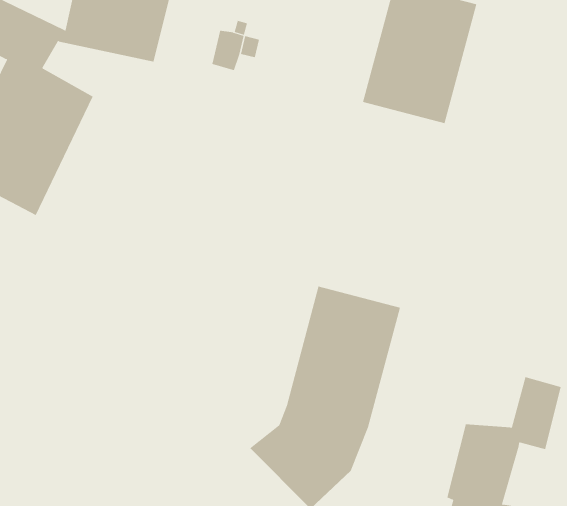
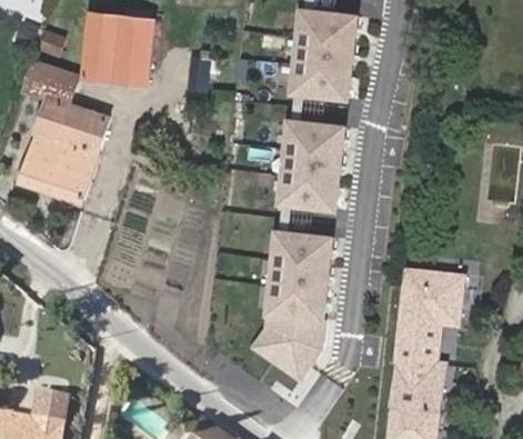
building: none -> [286,117,356,210]
building: none -> [400,265,436,307]

